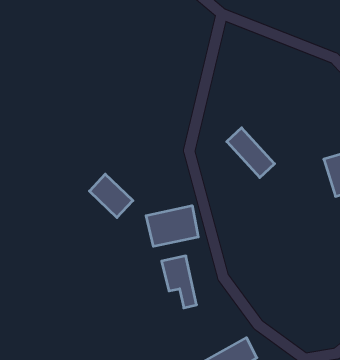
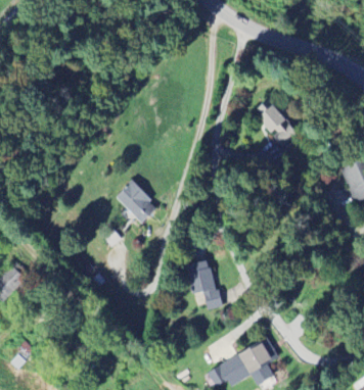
building: [227,128,275,178] -> [253,99,299,147]
building: [146,206,198,246] -> none

